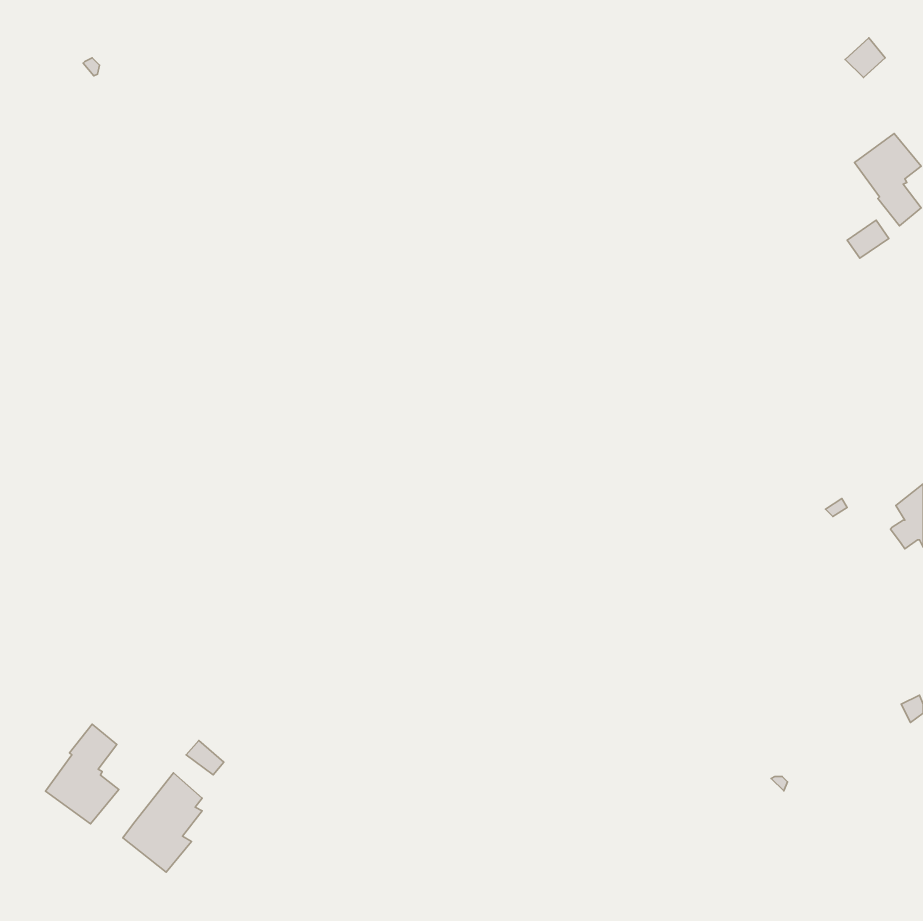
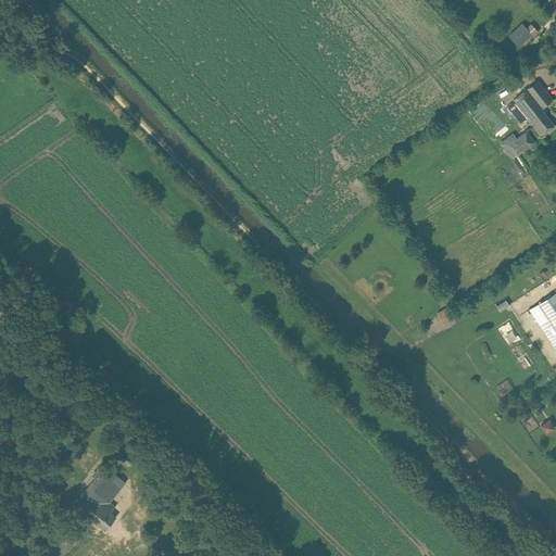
building: [45,724,119,824] -> none

